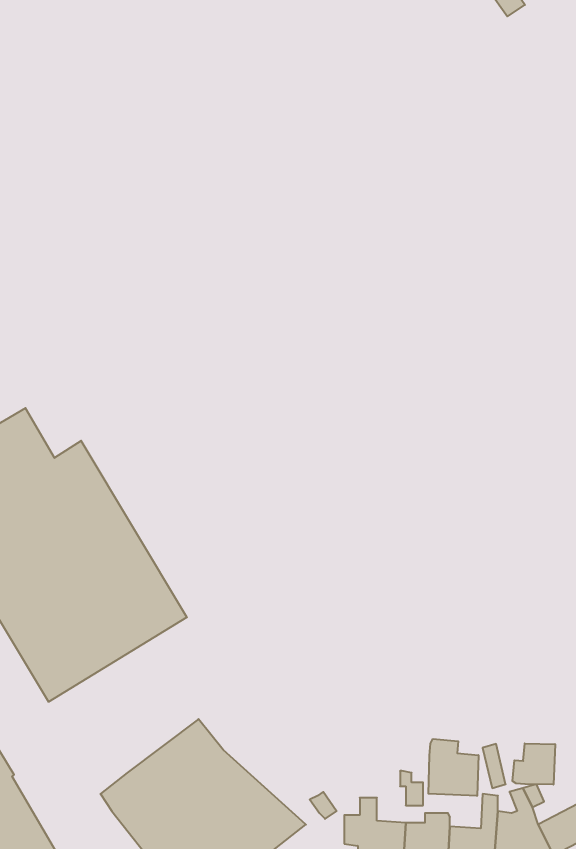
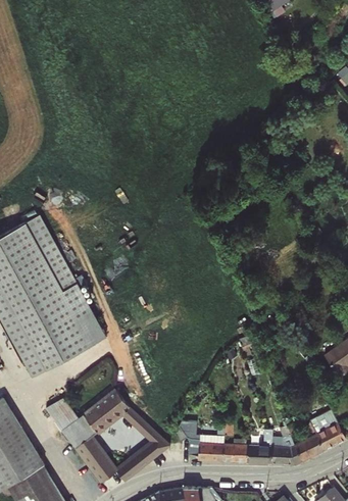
building: none -> [21,214,51,250]
building: none -> [45,398,76,429]
building: [428,739,478,796] -> none
building: [513,743,555,785] -> none

